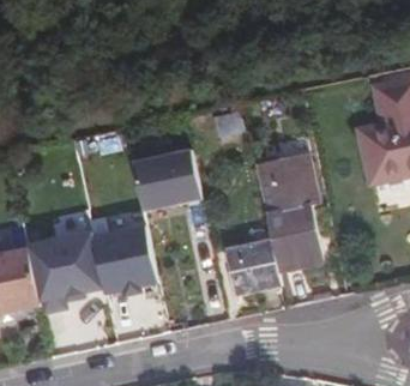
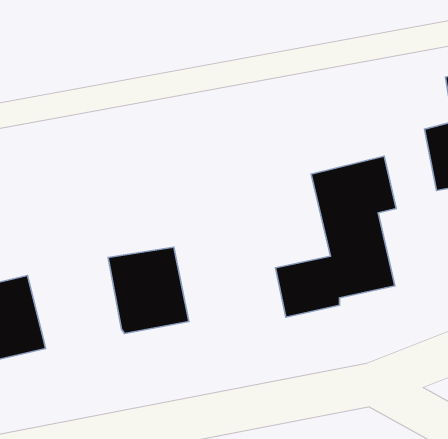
building: [141,145,210,206] -> none
building: [35,224,111,297] -> none

